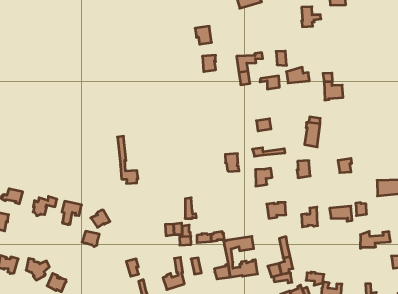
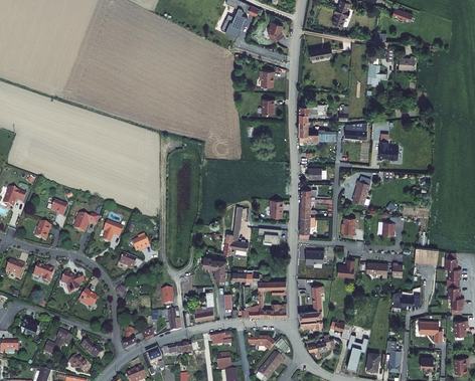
building: [117,136,138,183] -> [231,206,248,253]

